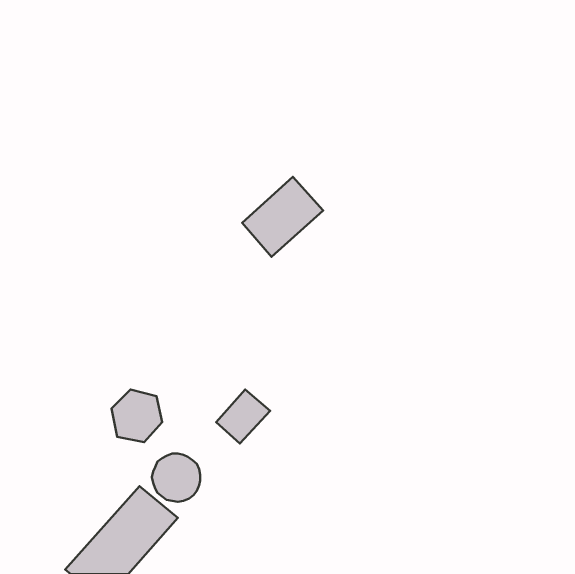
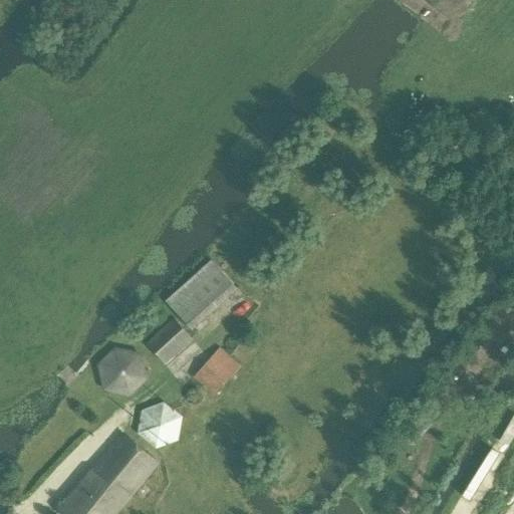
building: [242,177,323,257] -> [165,259,237,330]
building: none -> [147,318,192,363]

